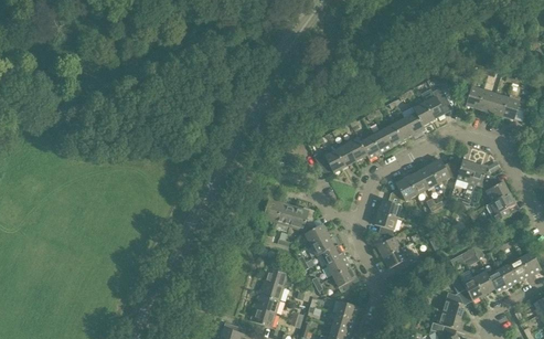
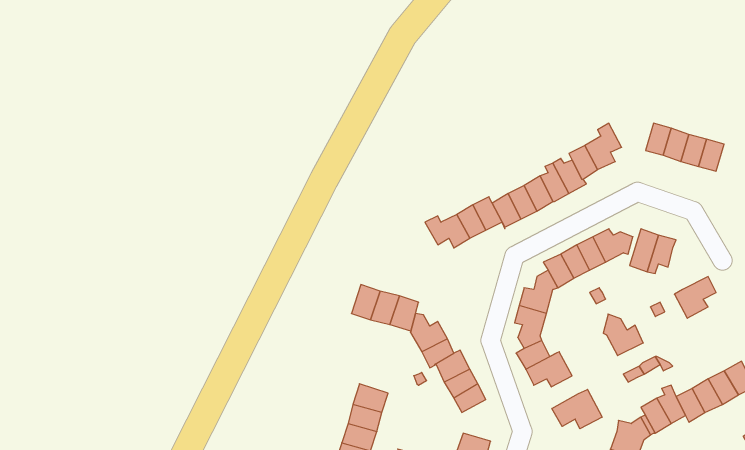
building: [481,172,509,201] -> [603,314,643,356]
building: none -> [552,389,602,429]

